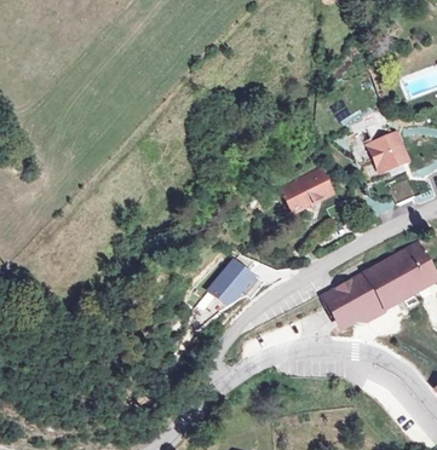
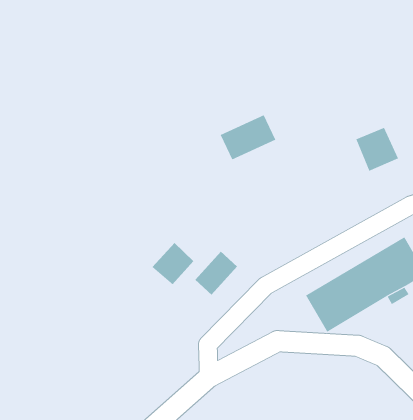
building: [278,168,335,214] -> [220,114,276,160]
building: none -> [151,242,194,285]

